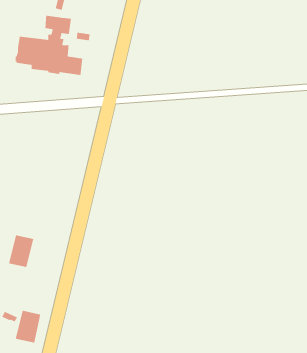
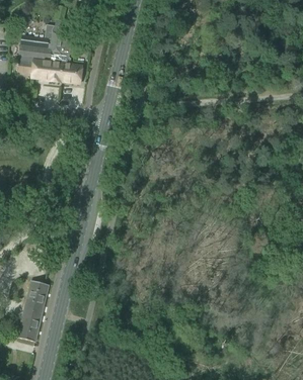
building: [8,234,34,268] -> [23,279,49,311]

